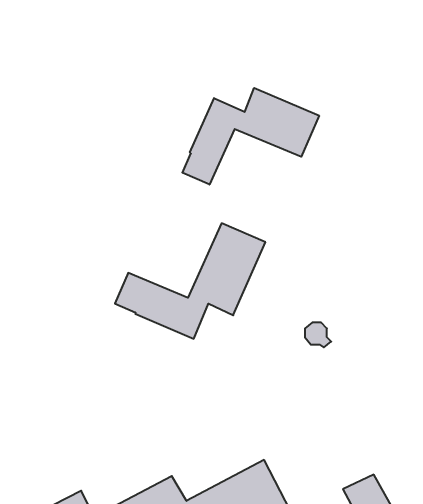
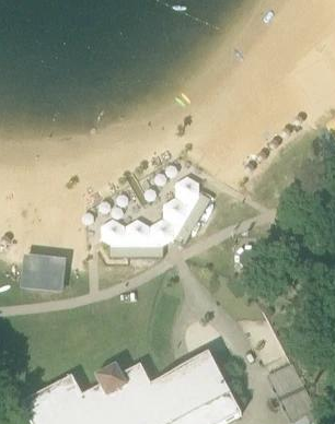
building: [182,88,319,185] -> none
building: none -> [22,262,66,286]

